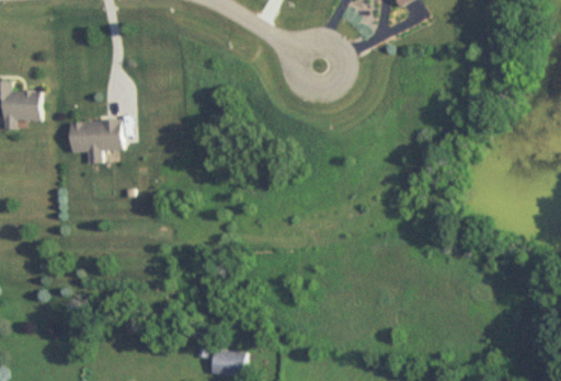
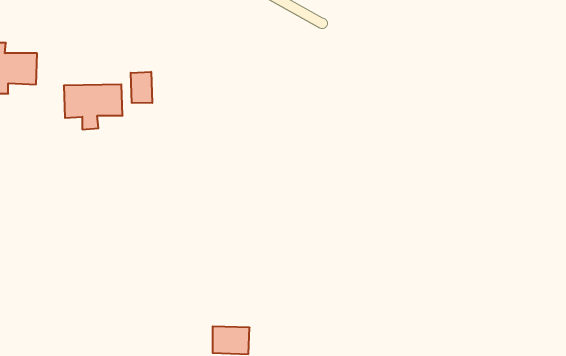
building: none -> [131,72,152,103]

